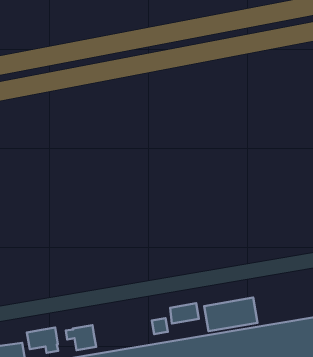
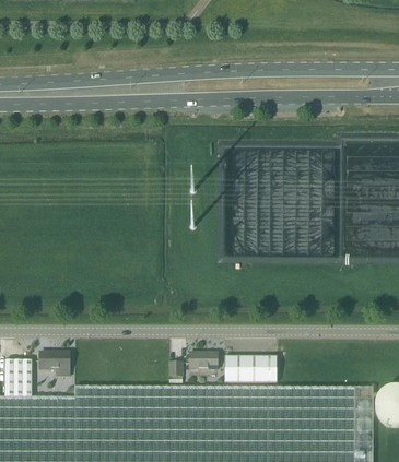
building: [66,325,96,350] -> none

